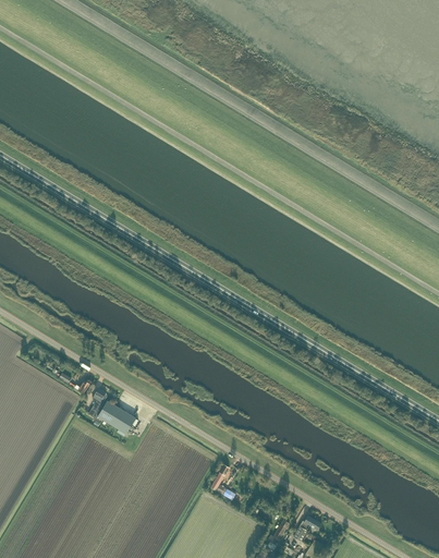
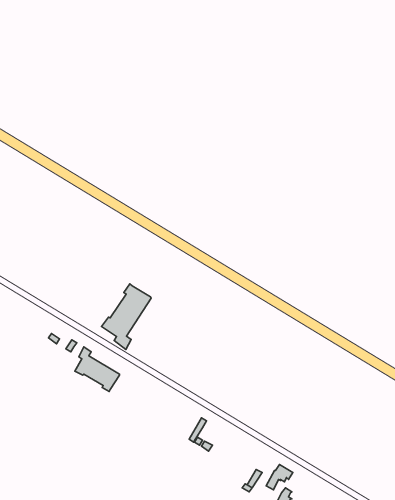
building: none -> [102,284,151,349]

